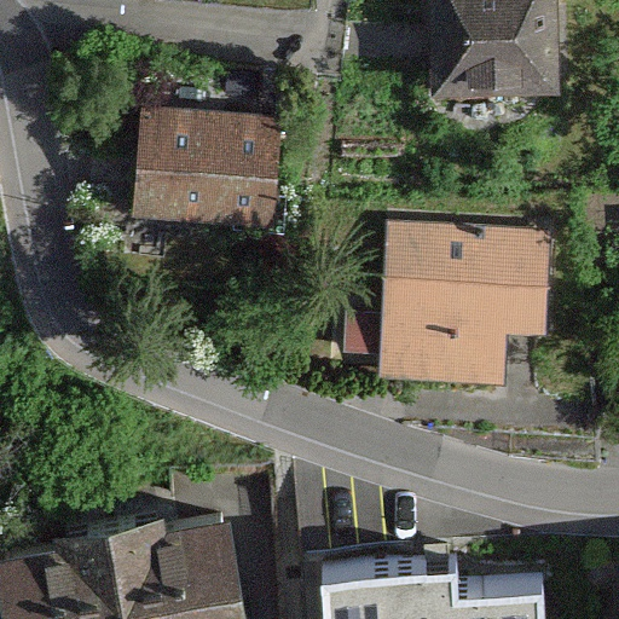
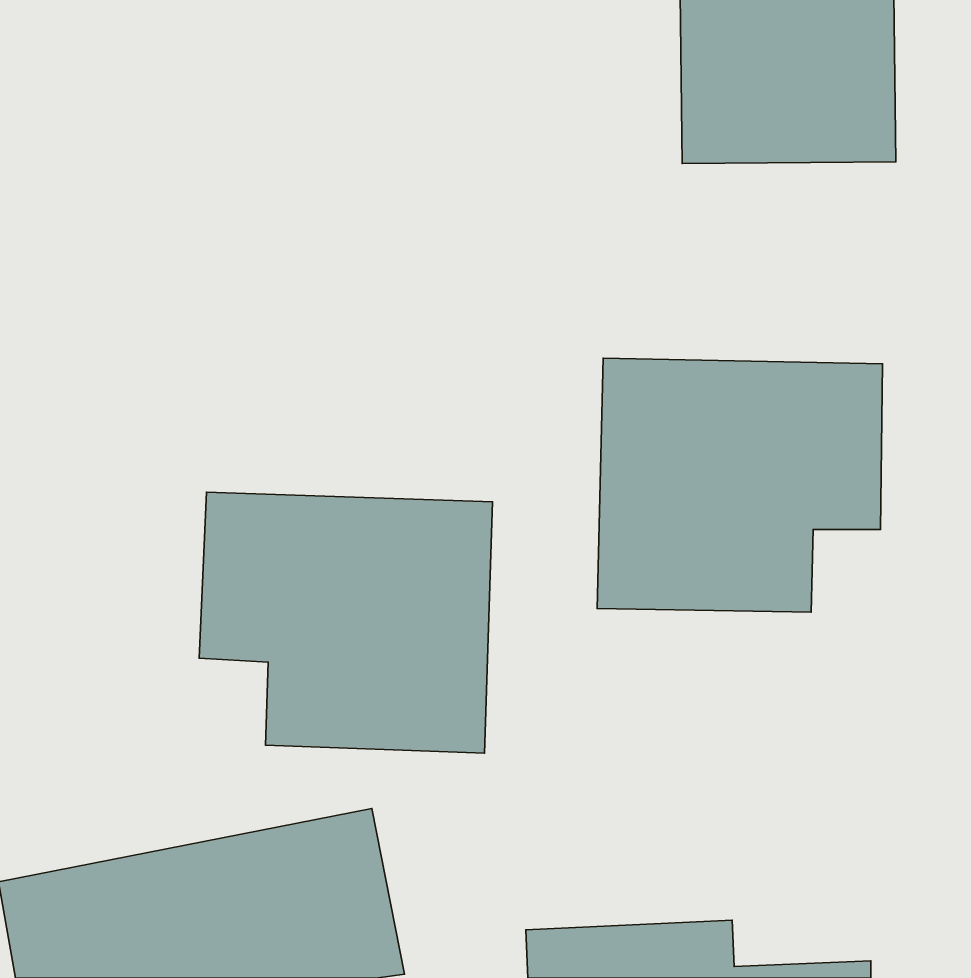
building: [132,110,277,226] -> none
building: none -> [199,492,493,753]

